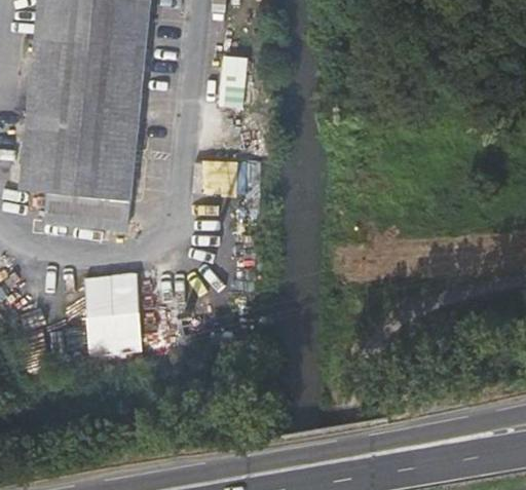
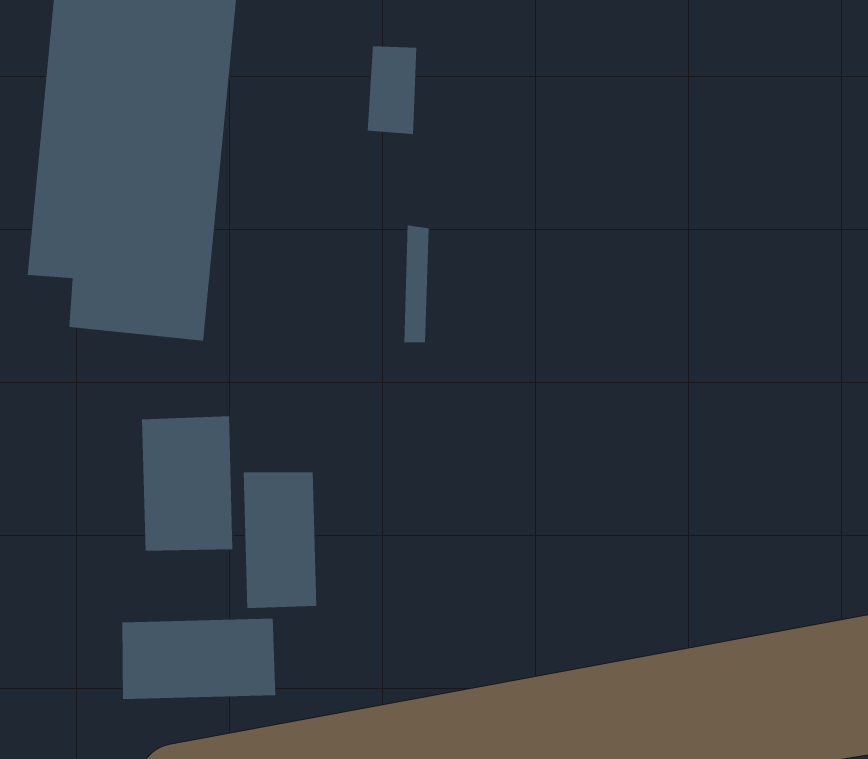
building: none -> [243,471,317,609]
building: none -> [122,618,276,700]

